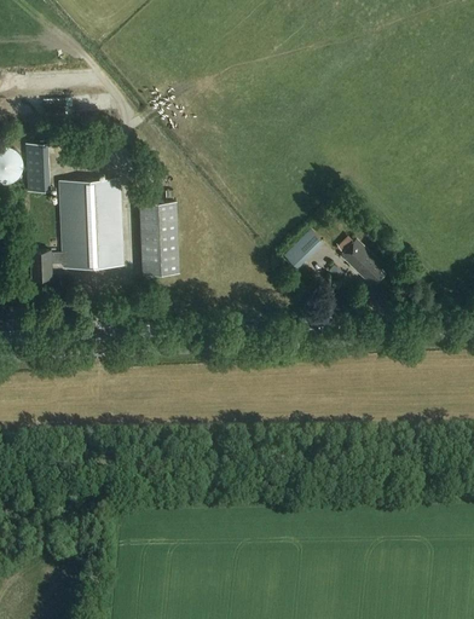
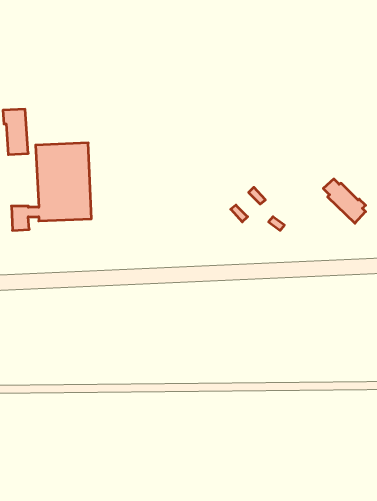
building: [140,198,181,272] -> none
building: [336,237,385,288] -> [323,179,366,223]

